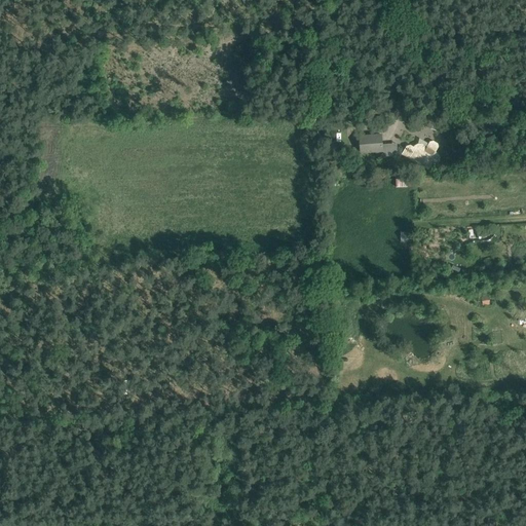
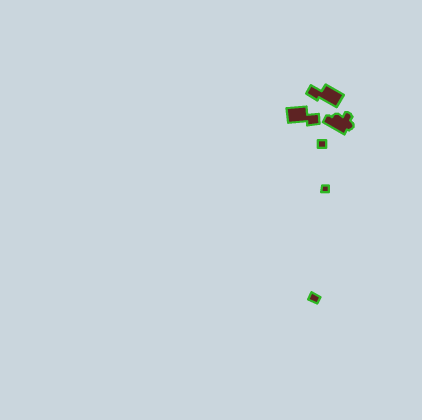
building: none -> [306,84,344,107]

